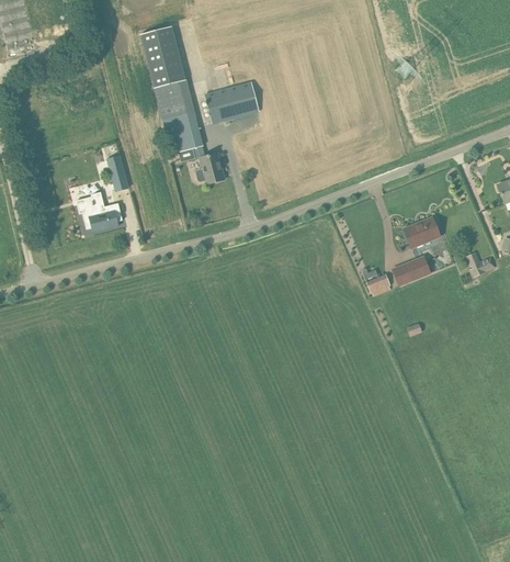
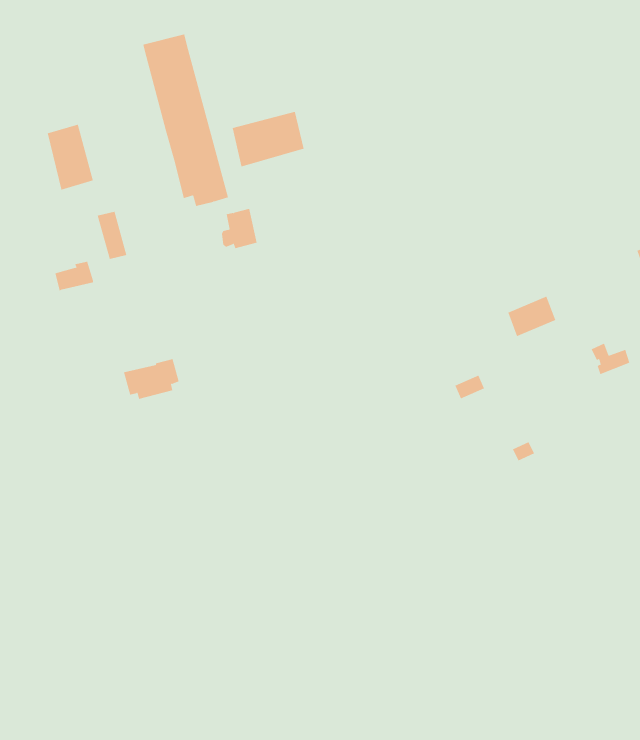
building: none -> [47,124,93,191]
building: [82,203,123,233] -> [123,359,179,400]
building: [392,256,429,285] -> none

